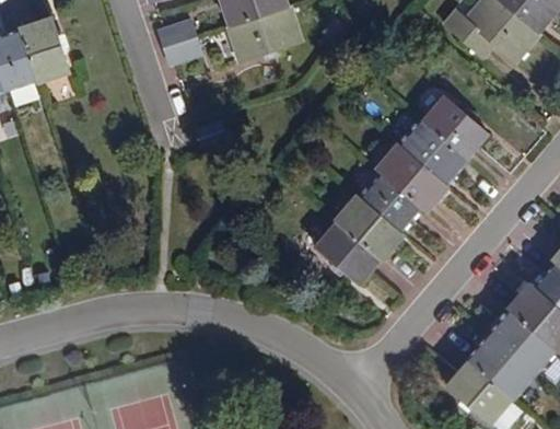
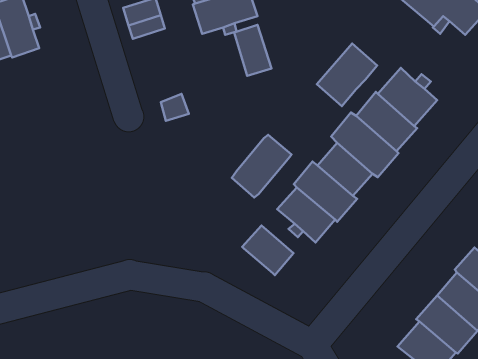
building: none -> [234,25,271,76]
building: none -> [317,43,377,106]
building: none -> [232,135,292,198]
building: none -> [242,225,293,275]

